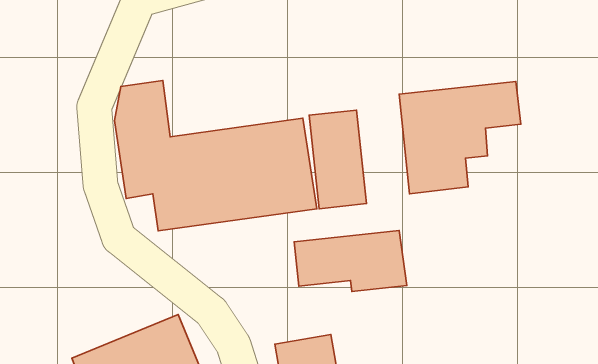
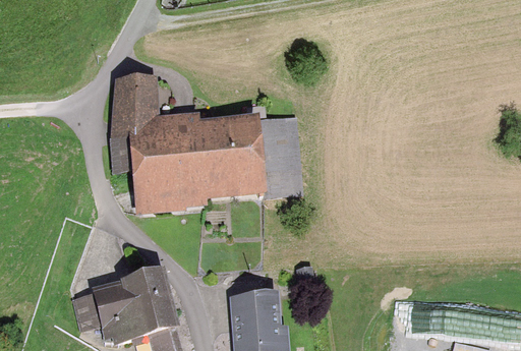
building: [399,82,521,194] -> none
building: [294,230,407,291] -> none

